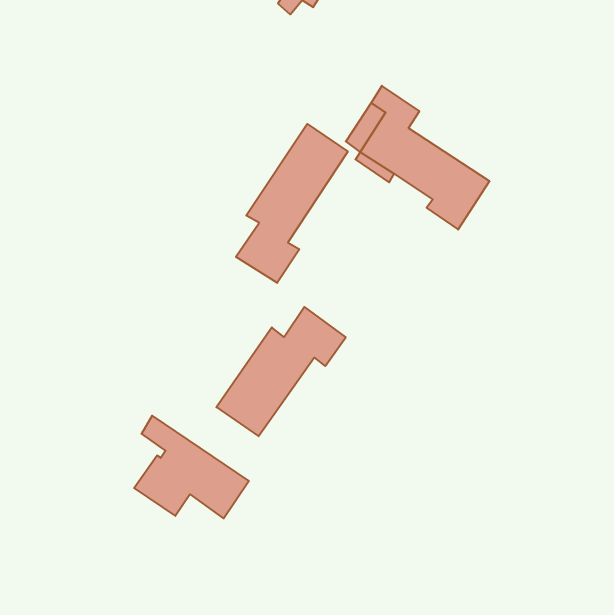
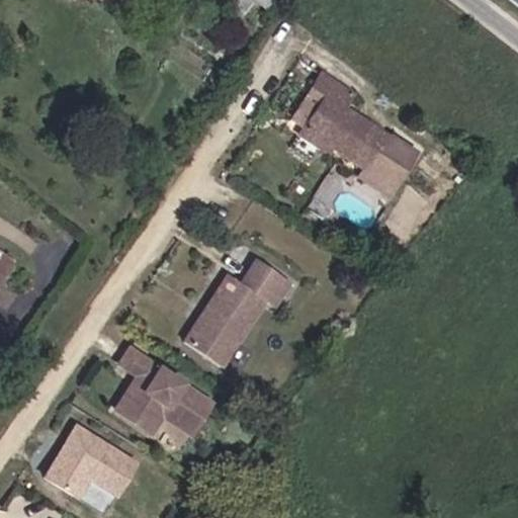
building: [236,124,348,283] -> none
building: none -> [47,425,138,496]

